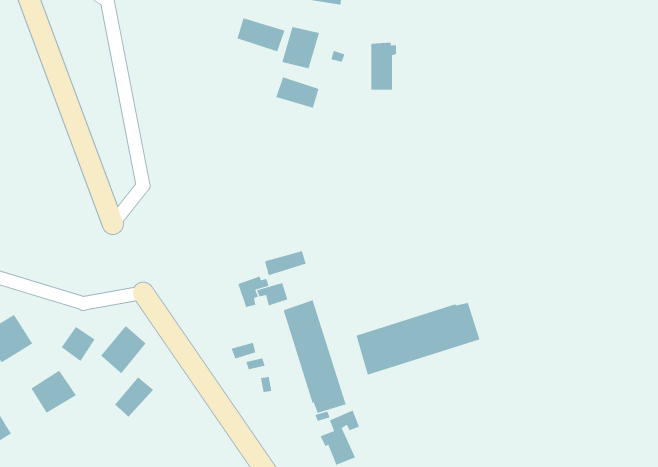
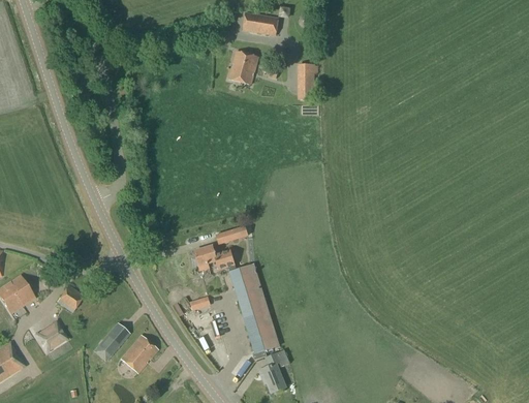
building: [237,18,285,52] -> none
building: [276,77,319,109] -> none
building: [356,302,480,376] -> none
building: [100,325,147,374] -> [121,335,157,373]

